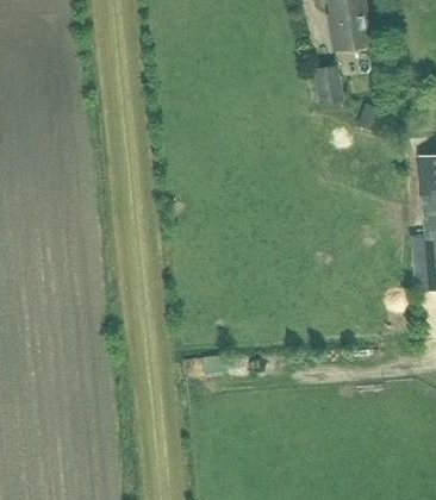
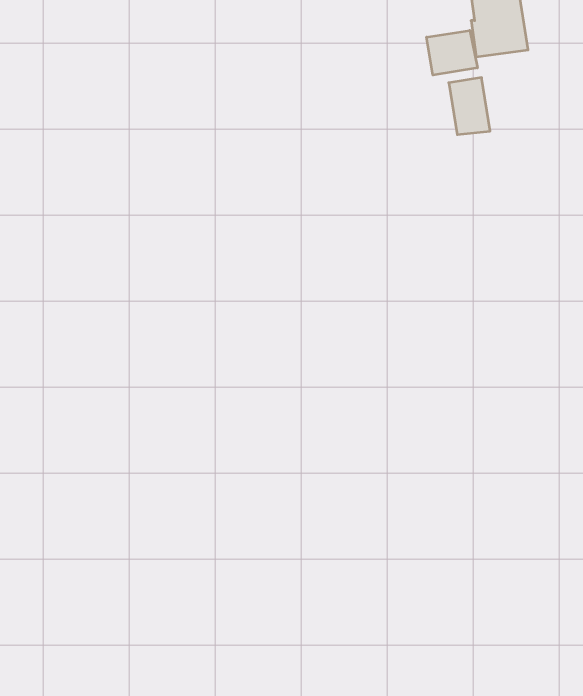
building: none -> [427,30,477,75]

